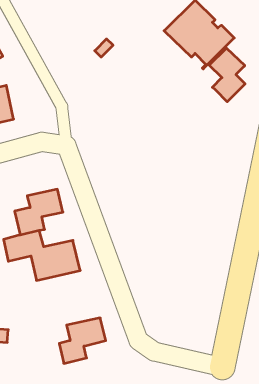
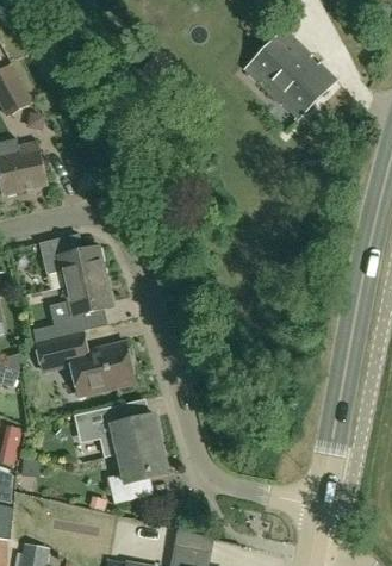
building: [209,48,245,102] -> none
building: none -> [38,235,105,288]
building: none -> [74,403,161,456]

